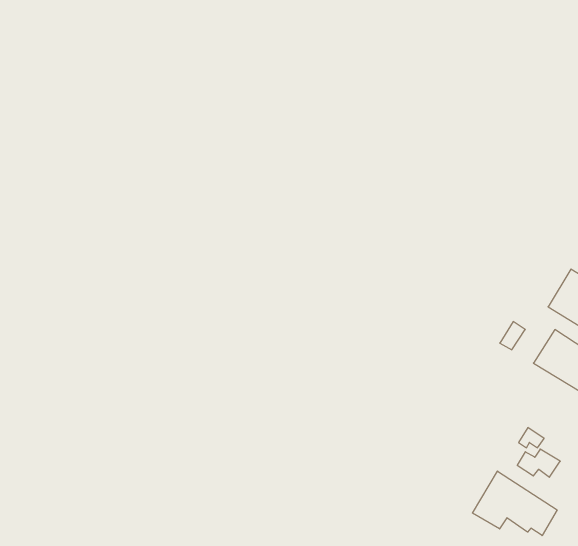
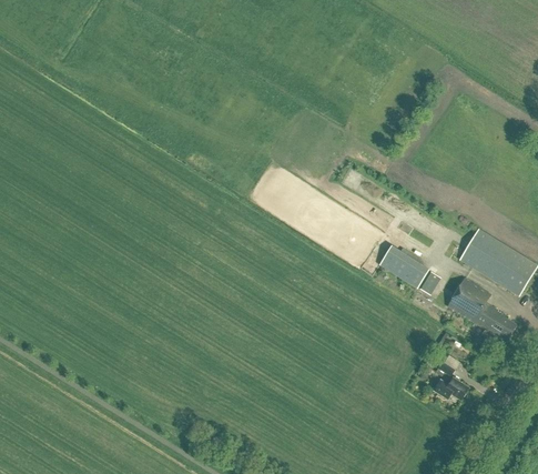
building: none -> [378,244,428,288]
building: [472,471,557,536] -> none

